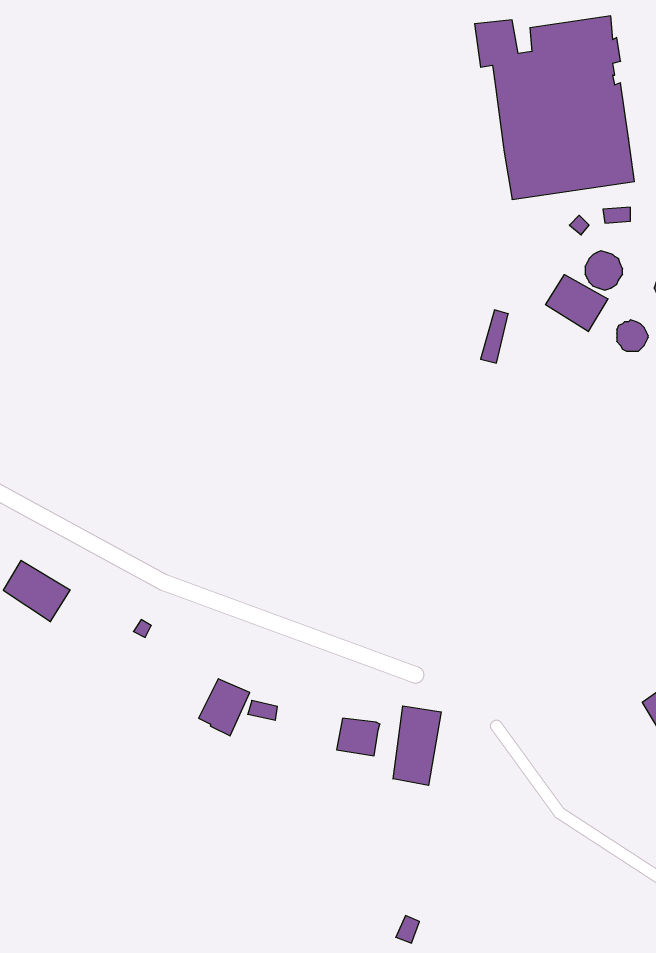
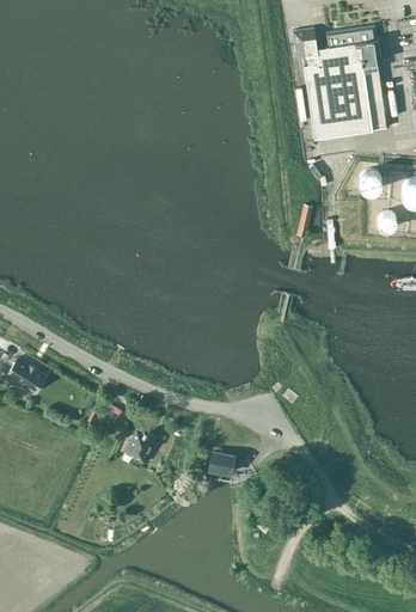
building: [546,275,608,332] -> none
building: [393,706,441,785] -> none

